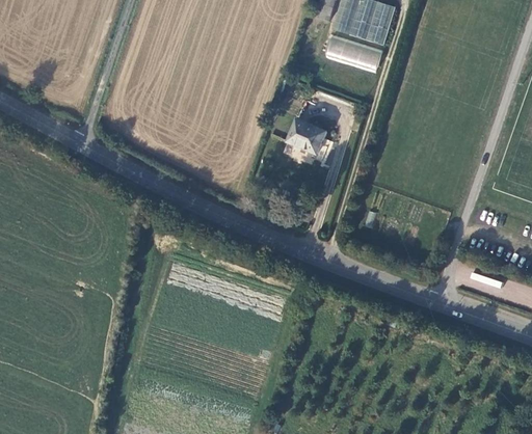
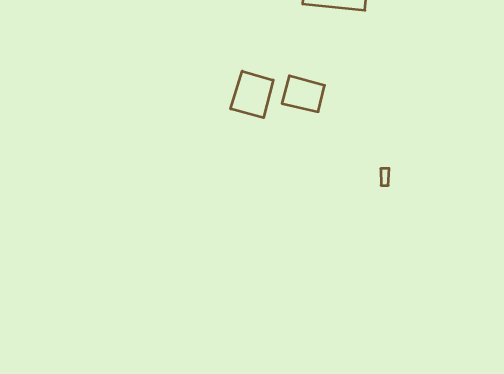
building: none -> [231,71,273,118]

